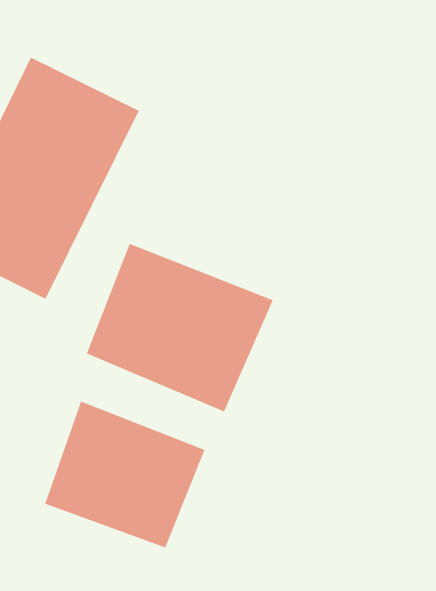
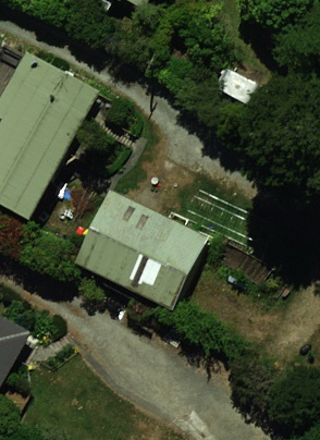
building: [44,400,205,549] -> none

